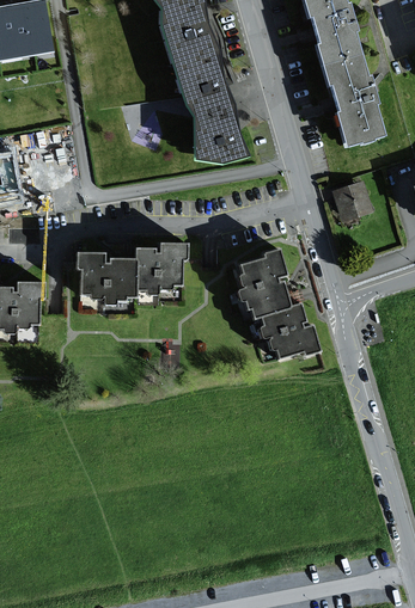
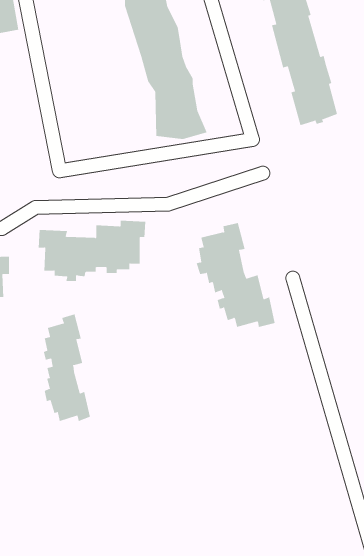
building: [330,179,372,221] -> none
building: none -> [43,314,90,422]

